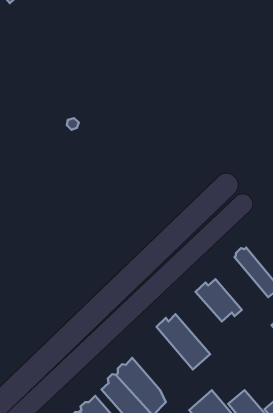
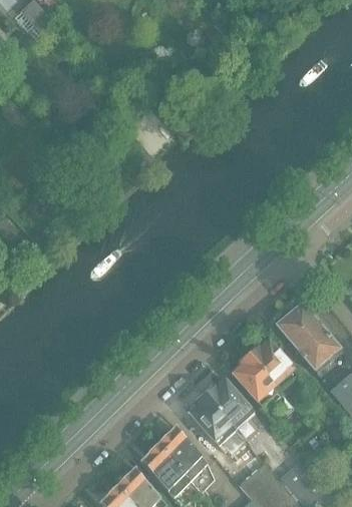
building: none -> [277,315,326,370]
building: none -> [231,353,275,406]
building: none -> [188,392,243,451]

